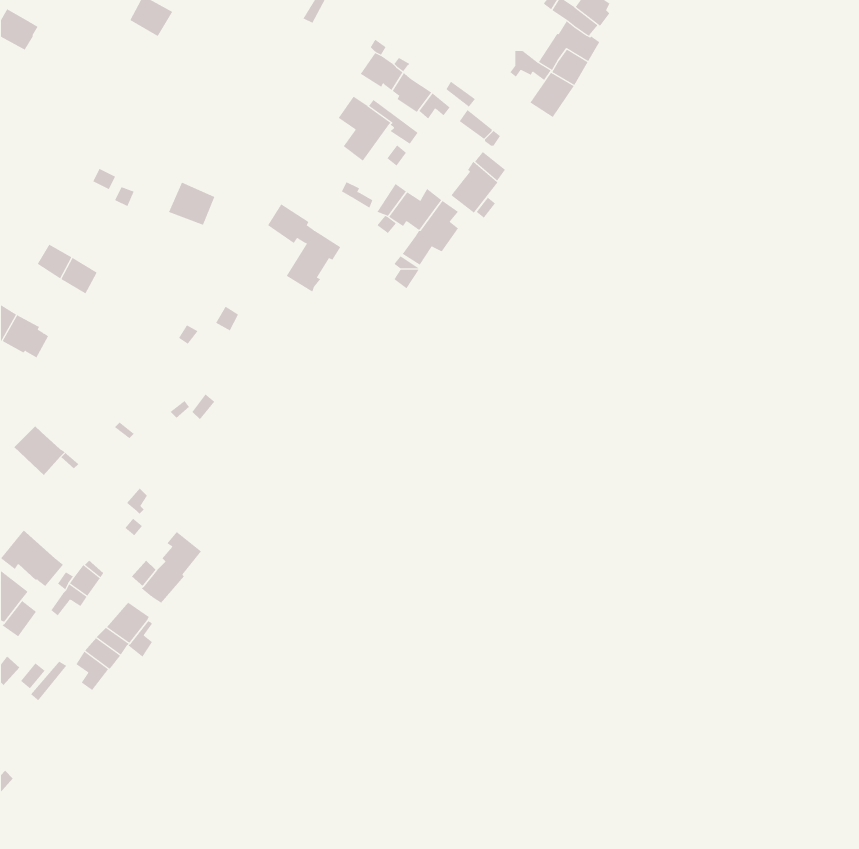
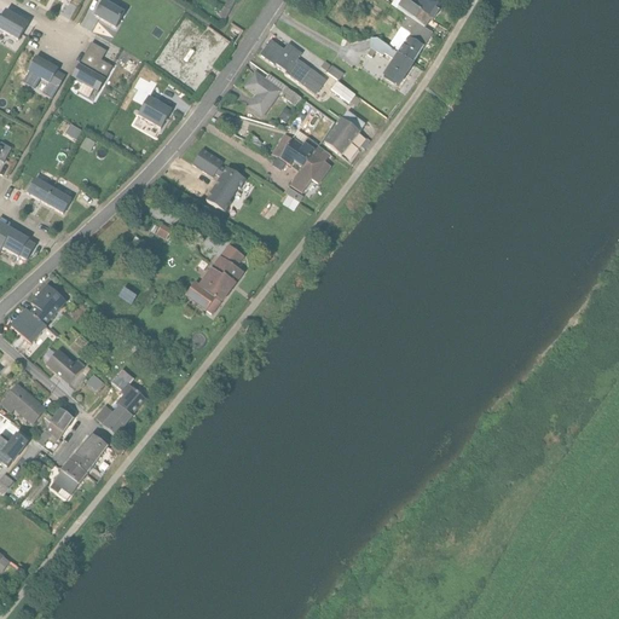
building: none -> [75,39,112,89]
building: none -> [27,52,65,86]
building: [168,182,215,226] -> [140,96,174,127]
building: none -> [184,242,244,312]
building: none -> [30,284,63,323]
building: none -> [45,347,83,382]

